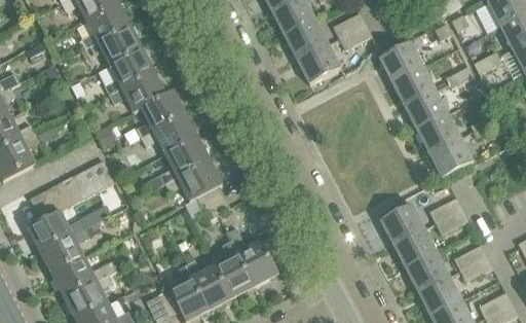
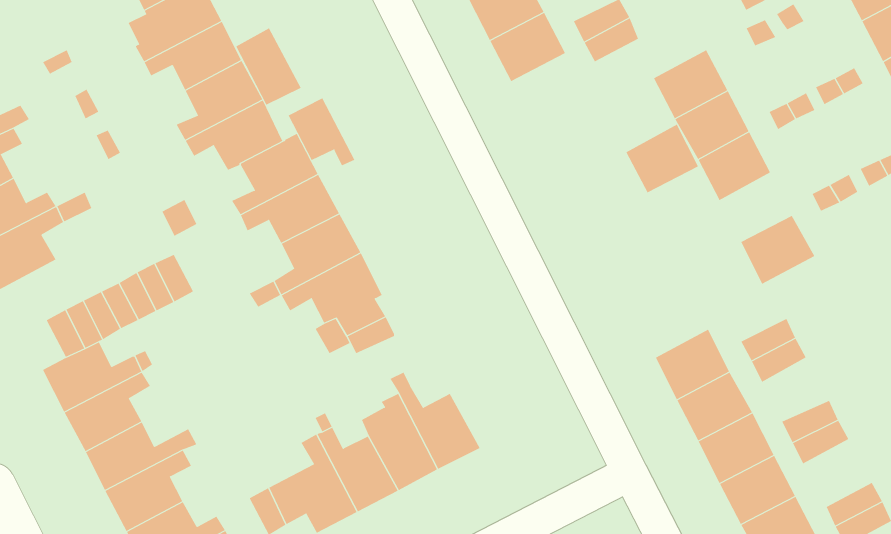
building: none -> [235,27,301,106]
building: [298,43,342,83] -> none
building: none -> [288,98,355,166]
building: [418,112,460,152] -> [626,124,699,193]

